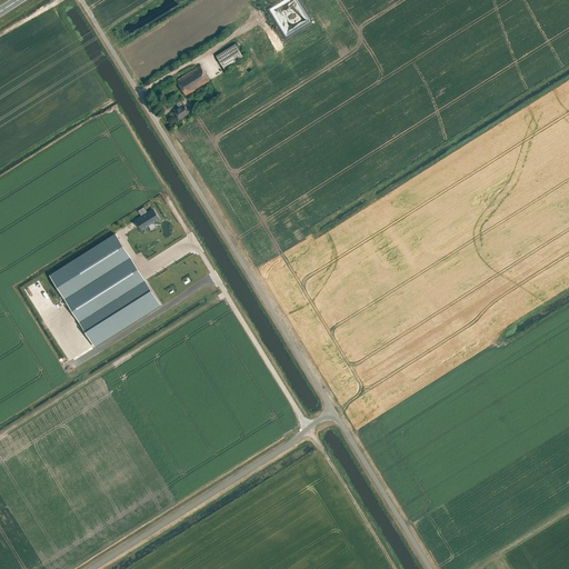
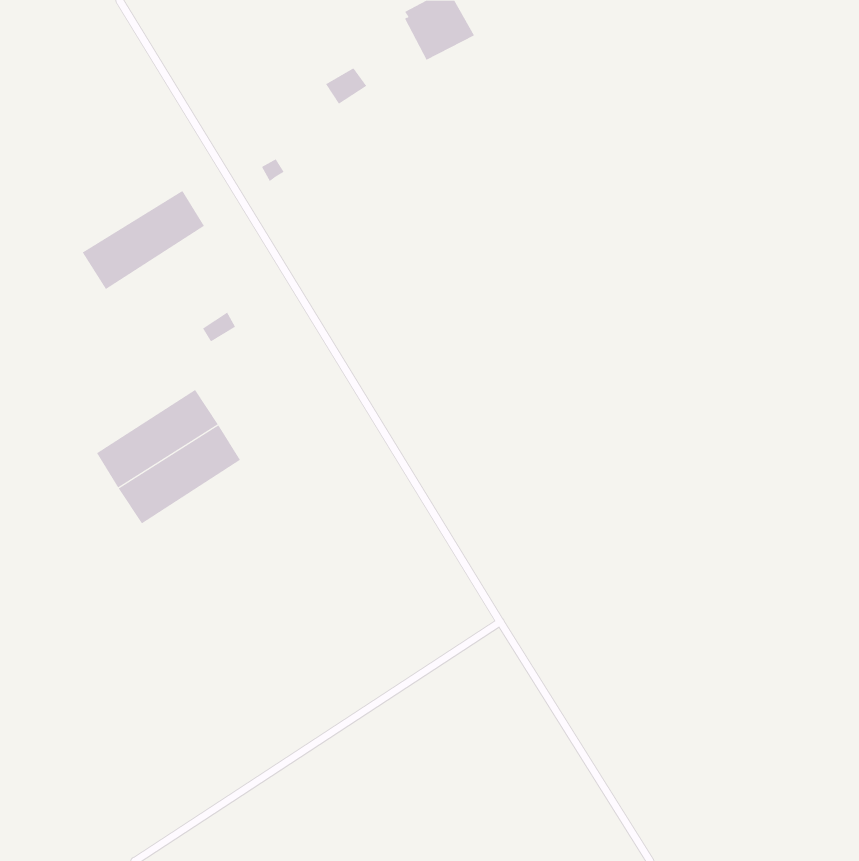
building: [176,66,208,96] -> none
building: [48,233,129,299] -> [82,190,205,290]

